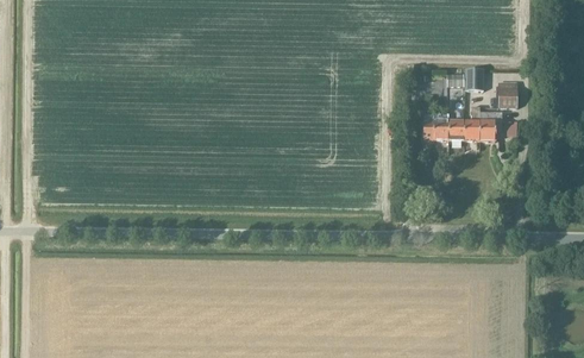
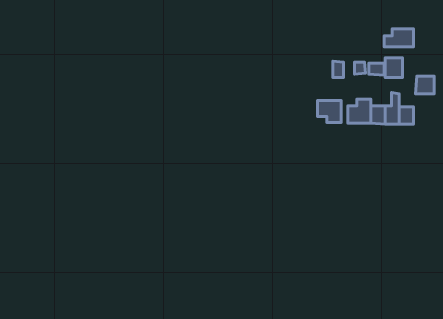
building: none -> [384,29,414,47]
building: none -> [318,100,341,122]

